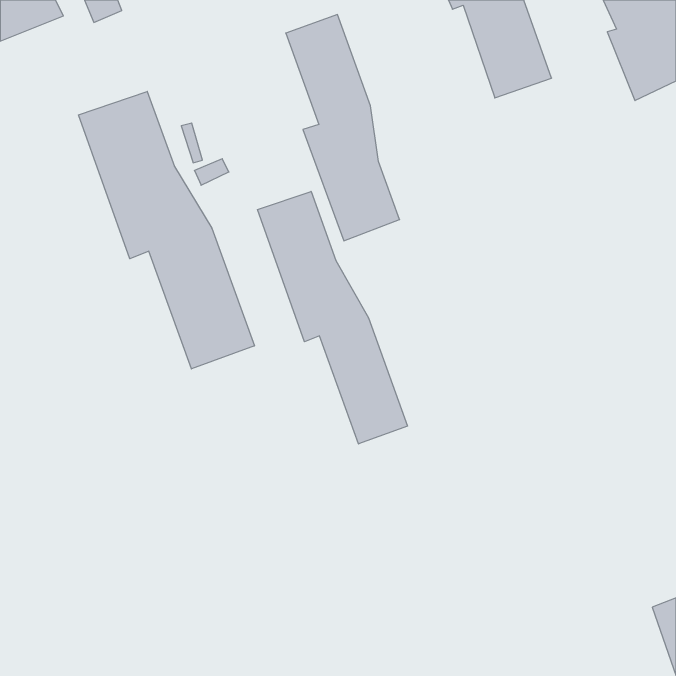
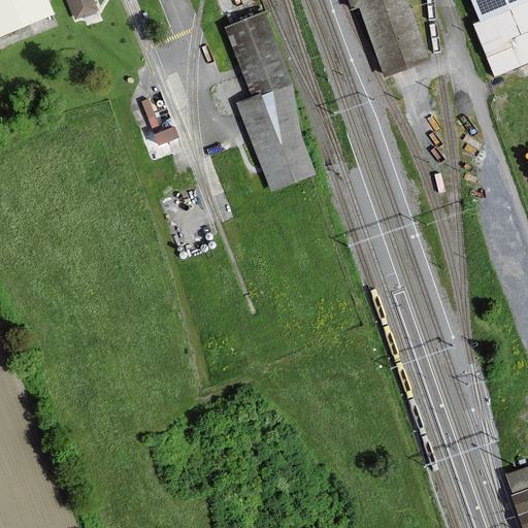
building: [79,91,254,369] -> none
building: [257,191,408,444] -> none

